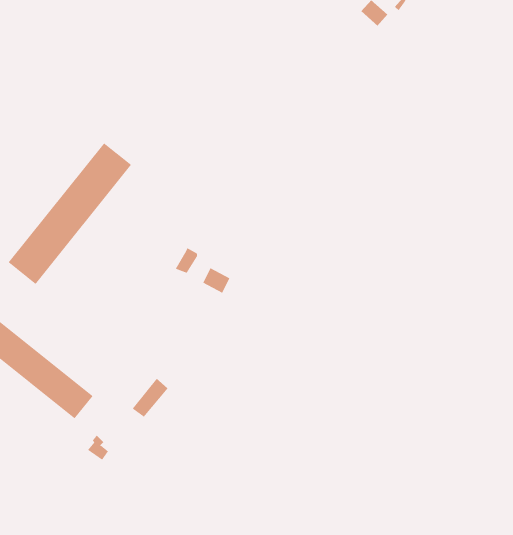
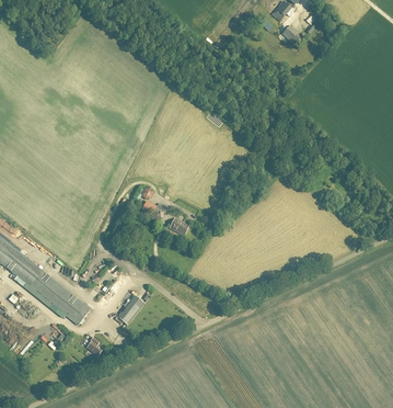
building: [8,142,132,285] -> none

